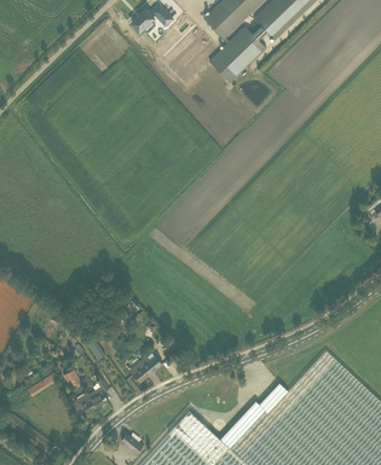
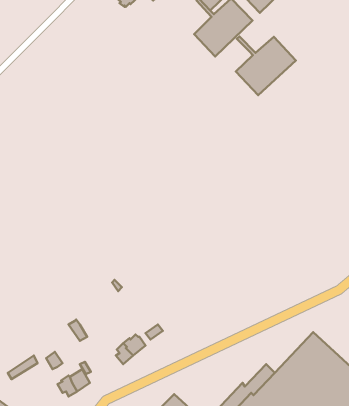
building: none -> [236,36,296,95]

